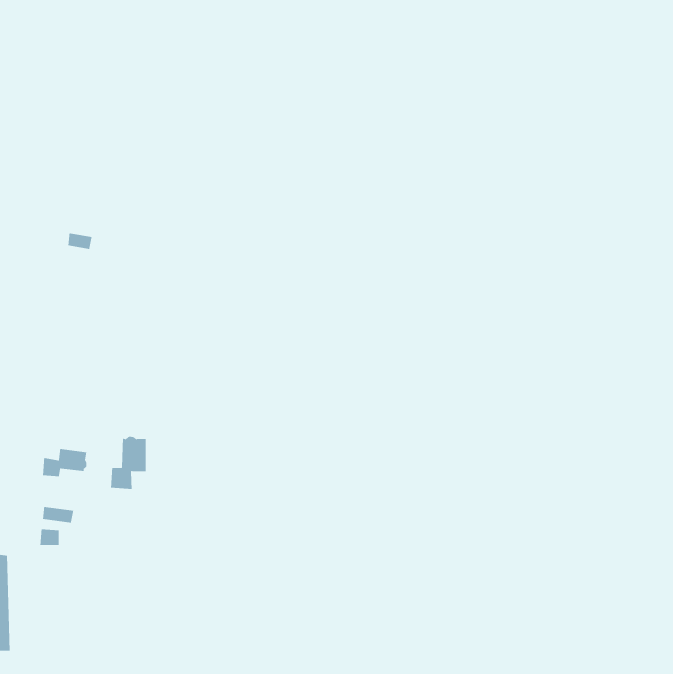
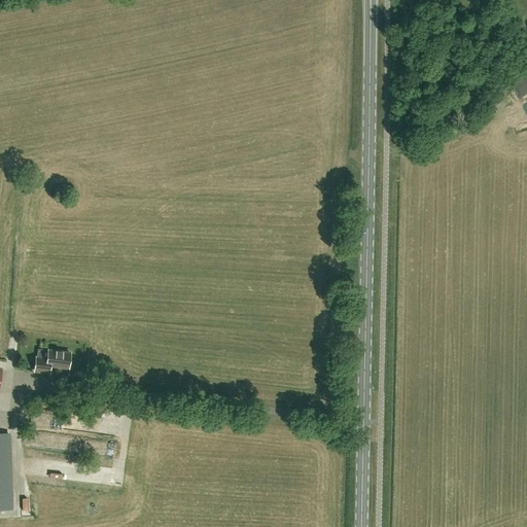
building: [110,436,146,490] -> none

